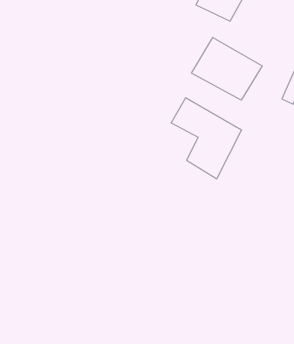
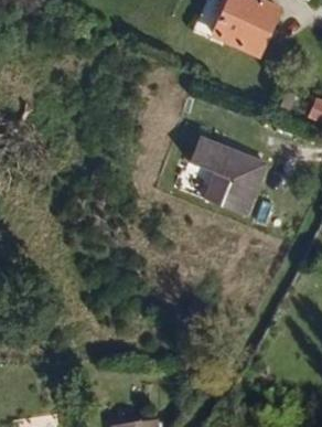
building: [192,37,262,100] -> none

